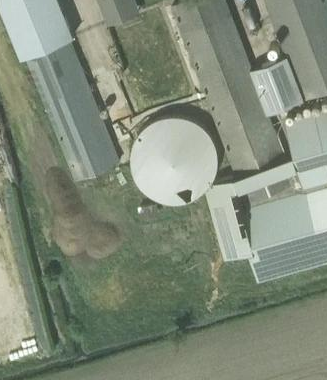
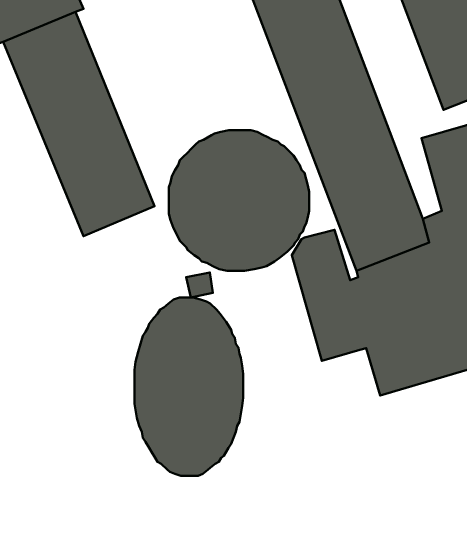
building: [252,56,303,115] -> none
building: none -> [134,298,243,476]

